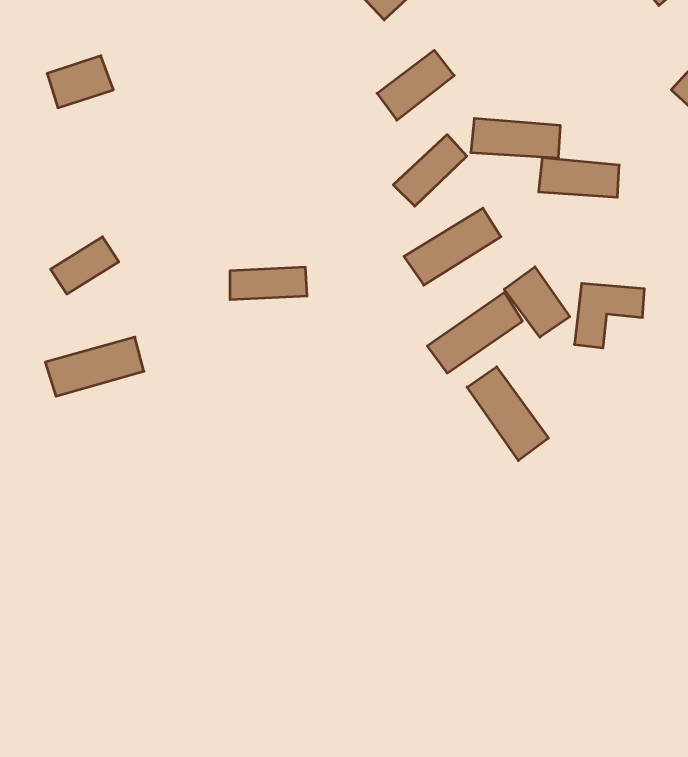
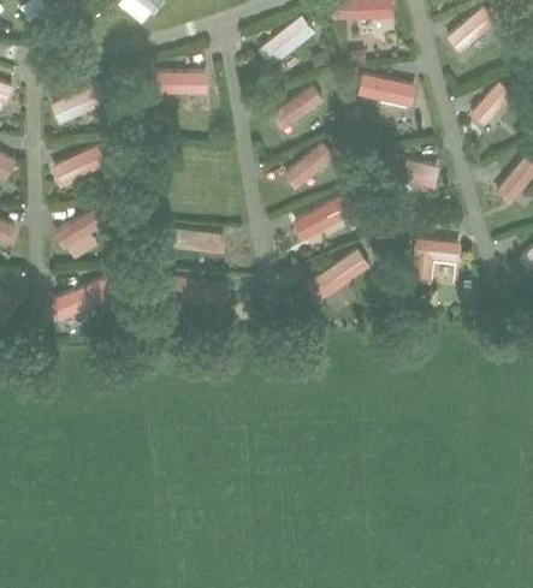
building: none -> [150,70,208,95]
building: [471,118,560,158] -> [357,76,417,102]
building: none -> [52,143,106,185]
building: [504,267,570,337] -> none
building: [467,367,548,461] -> none

